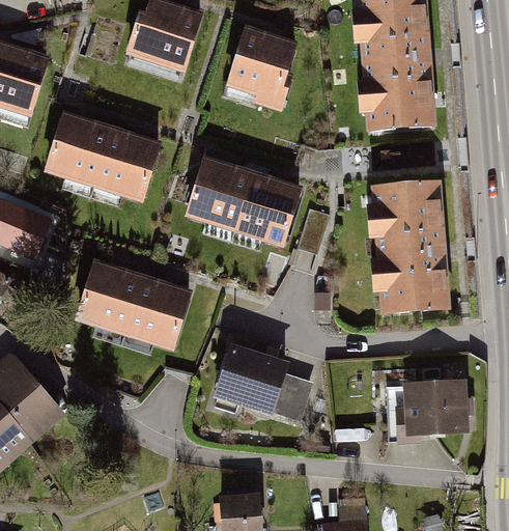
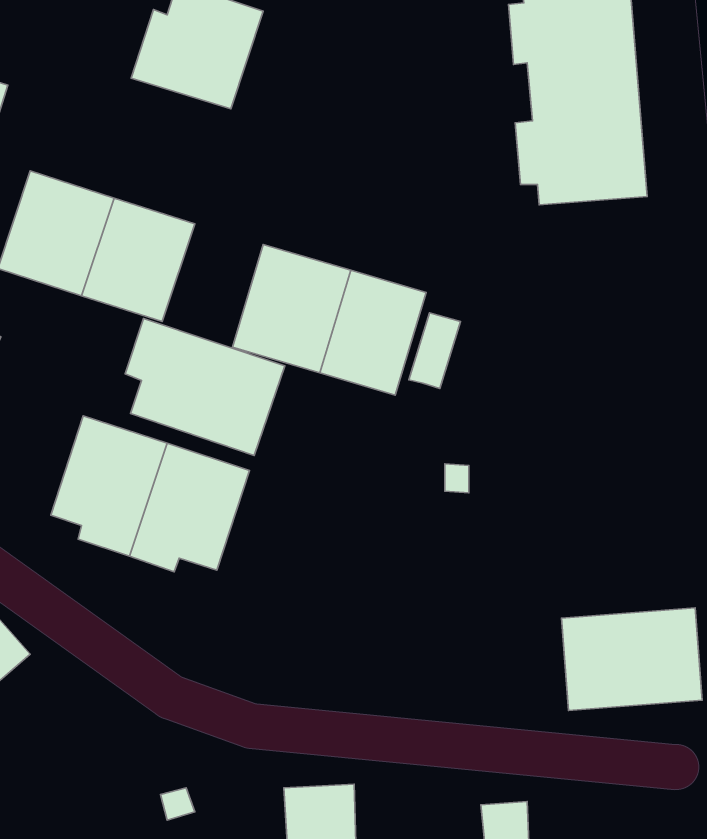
building: [228,26,300,113] -> none
building: [366,176,449,312] -> none
building: none -> [125,319,285,455]
building: [208,338,313,418] -> none

